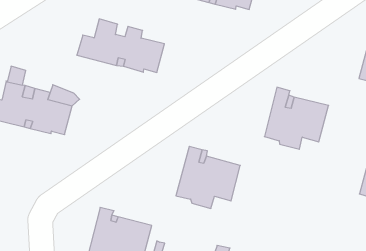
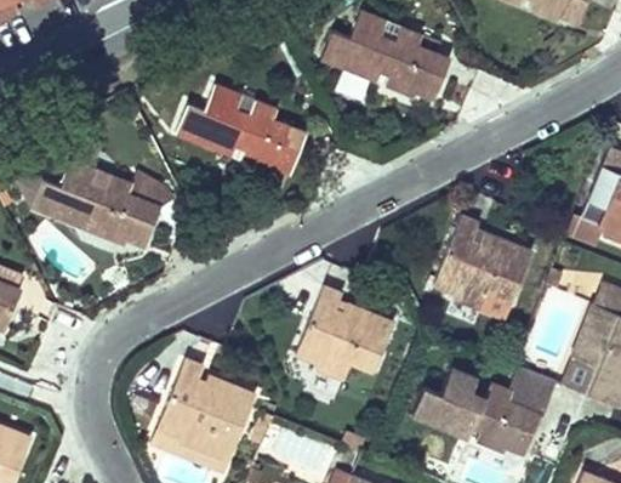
building: none -> [412,368,554,455]

